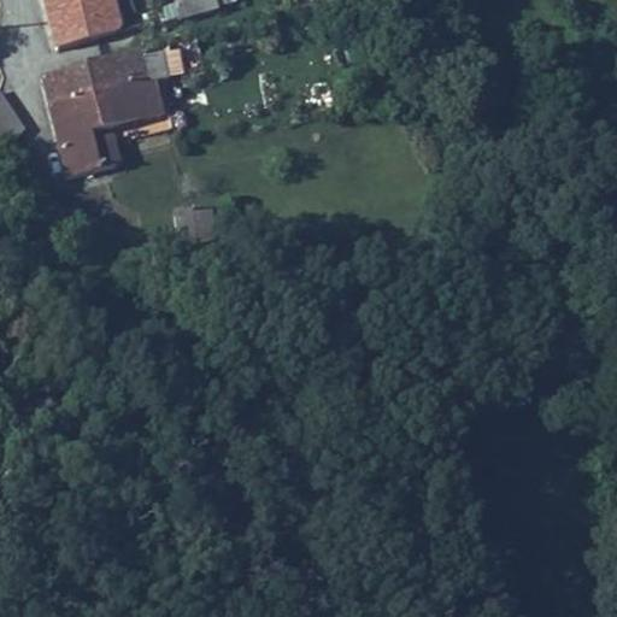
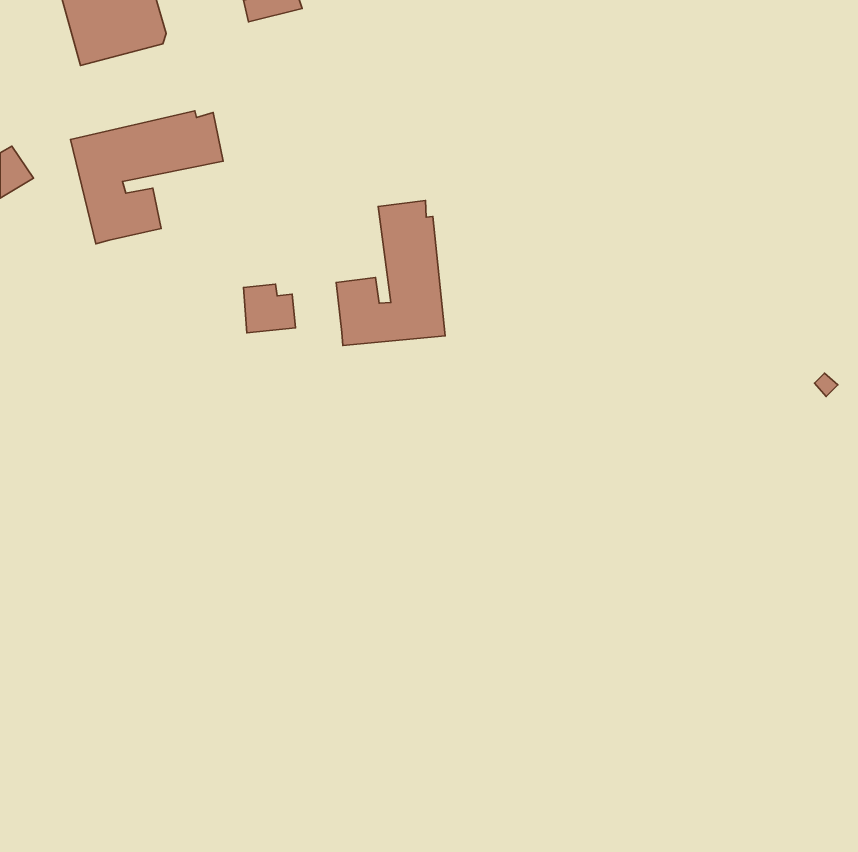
building: [43,47,183,100] -> none
building: none -> [336,200,445,346]

